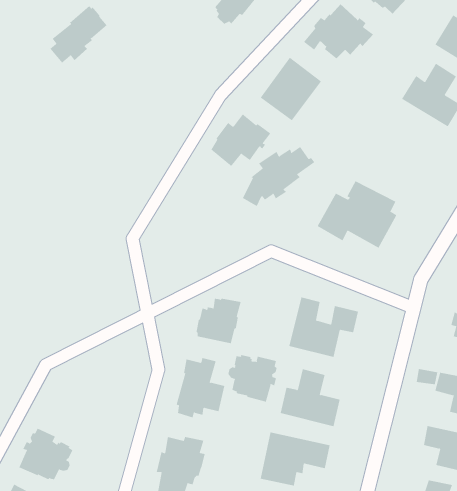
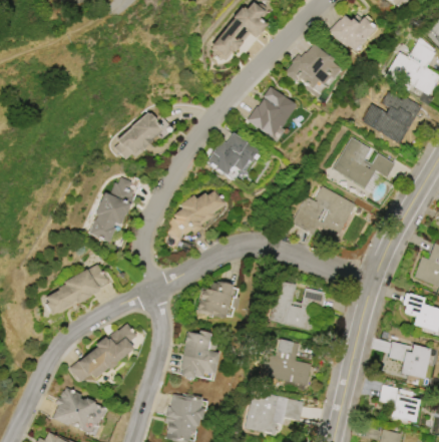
building: [49,5,108,64] -> [115,113,162,160]
building: none -> [335,138,396,188]
building: [242,146,315,207] -> [167,191,227,241]
building: none -> [89,177,135,243]
building: none -> [46,265,107,317]
building: none -> [69,325,136,383]
building: [228,354,277,403] -> none

